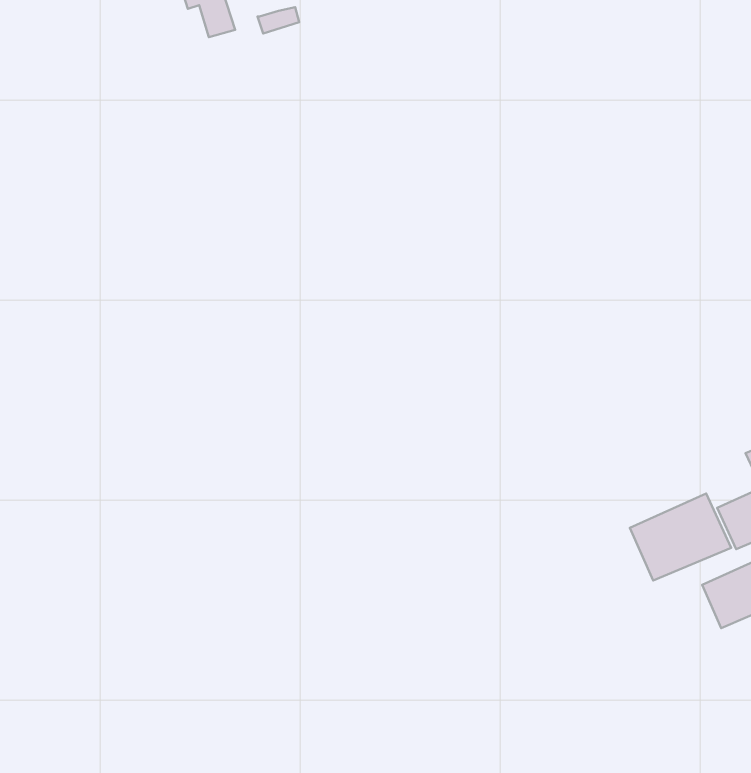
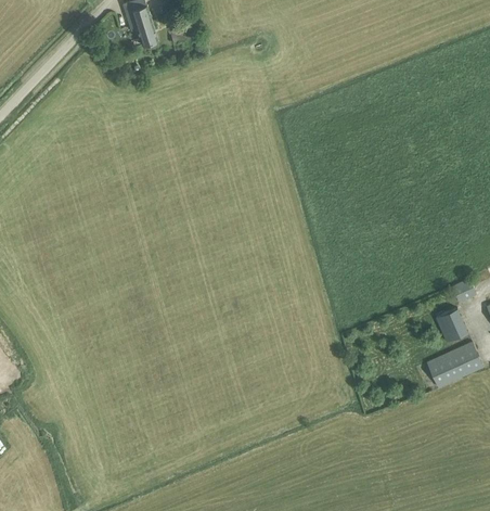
building: [630,493,731,580] -> none

